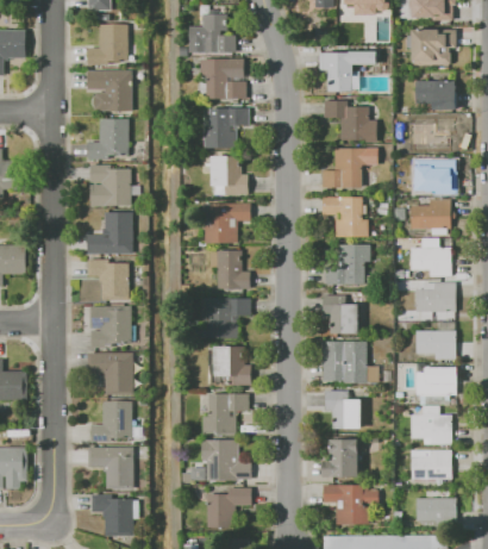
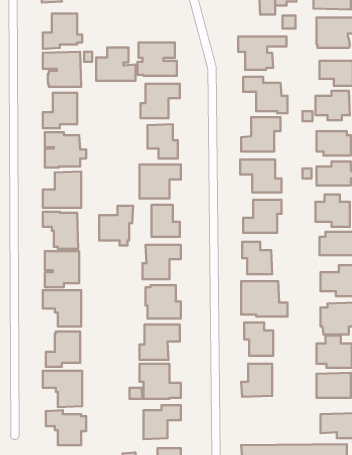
building: [188,13,234,52] -> [96,48,135,81]
building: none -> [99,206,133,246]
building: [323,484,378,524] -> none

